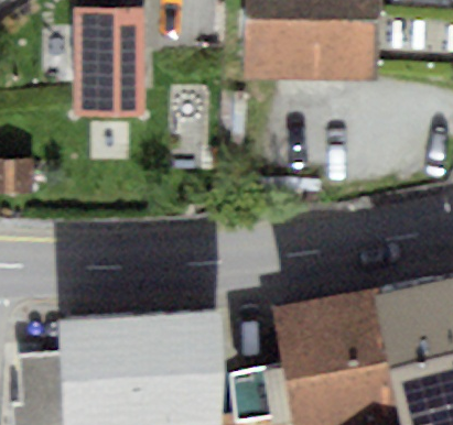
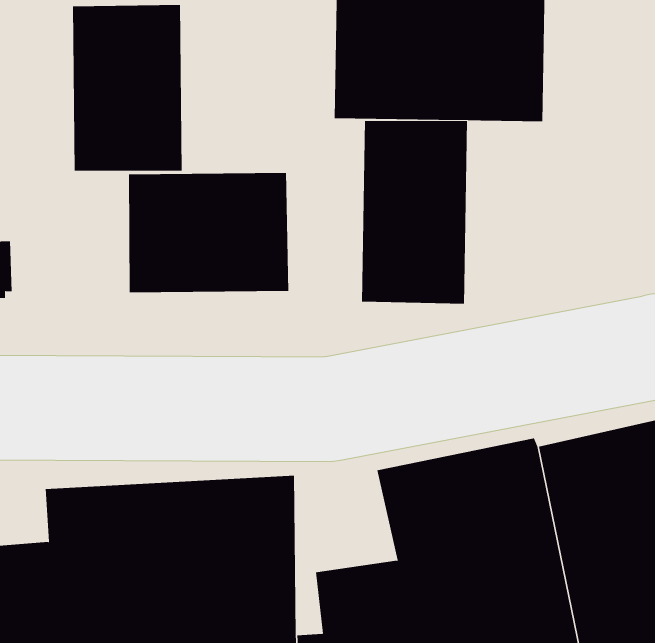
building: none -> [362,120,468,305]
building: none -> [129,172,289,293]

